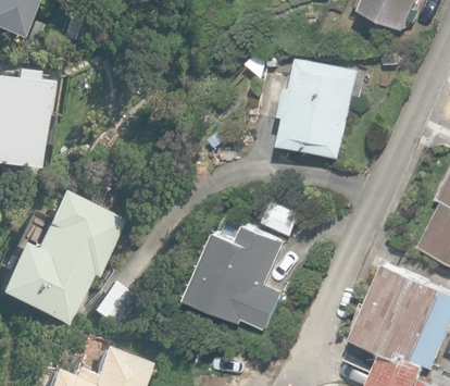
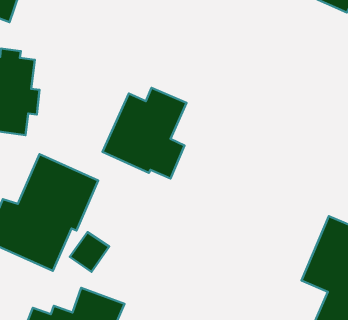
building: [277,58,357,159] -> none
building: [185,225,282,329] -> [103,88,186,178]

